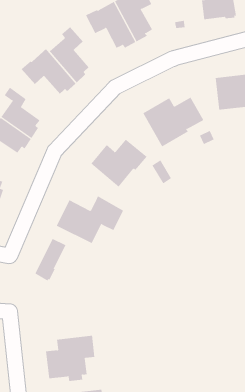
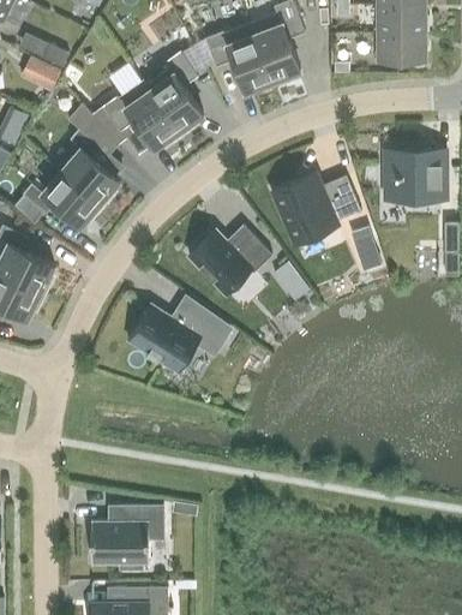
building: [35,238,66,282] -> none

